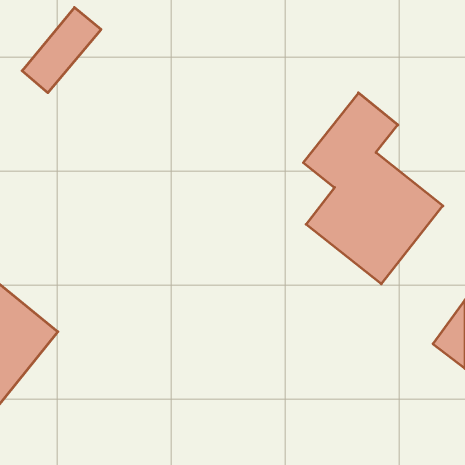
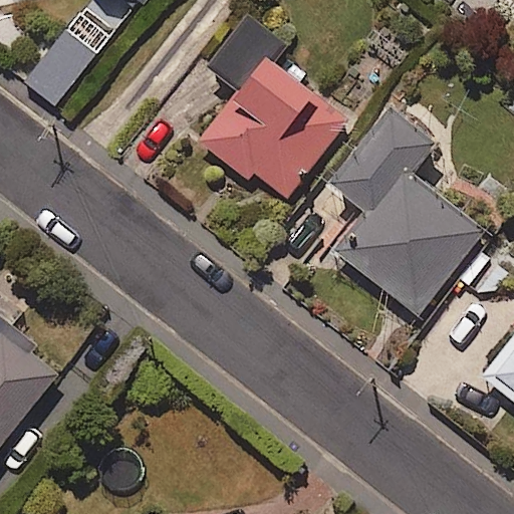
building: none -> [196,13,350,199]

